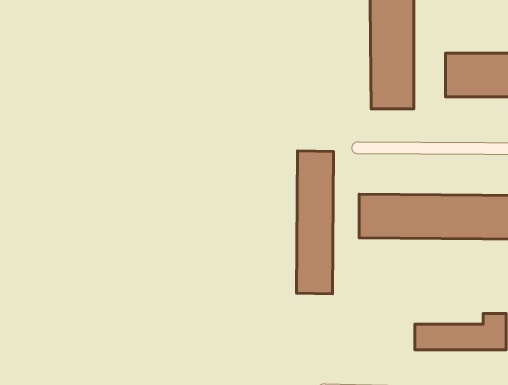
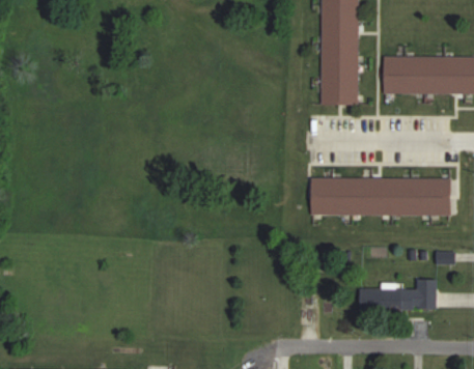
building: [296,151,333,294] -> none

